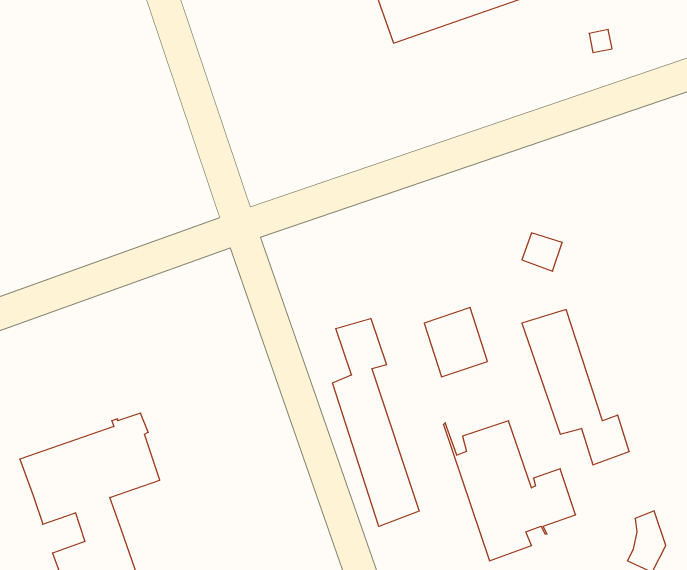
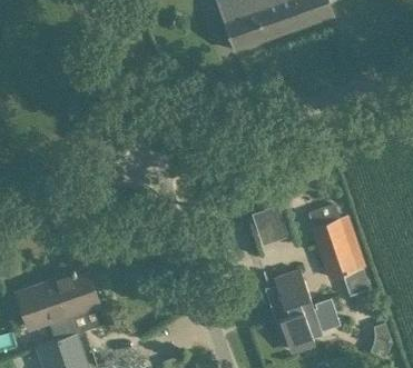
building: [333,318,419,526] -> none

